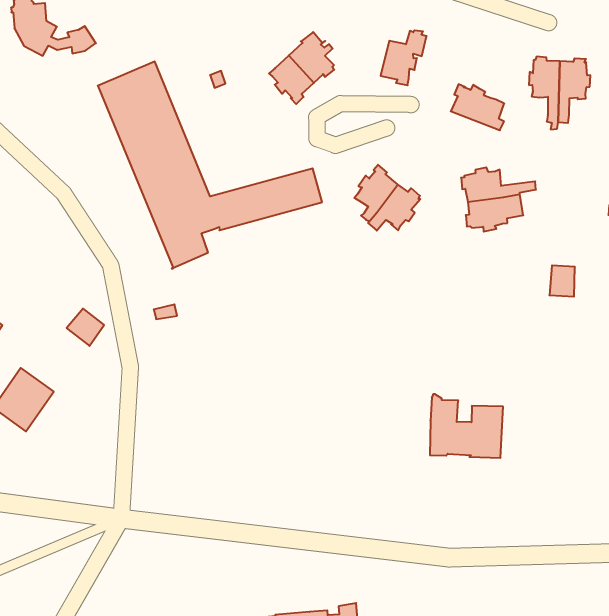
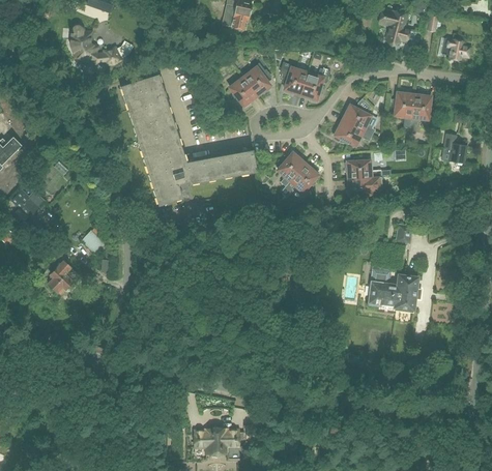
building: none -> [280,61,307,94]
building: none -> [332,120,372,146]
building: [430,394,503,458] -> [369,265,417,308]

